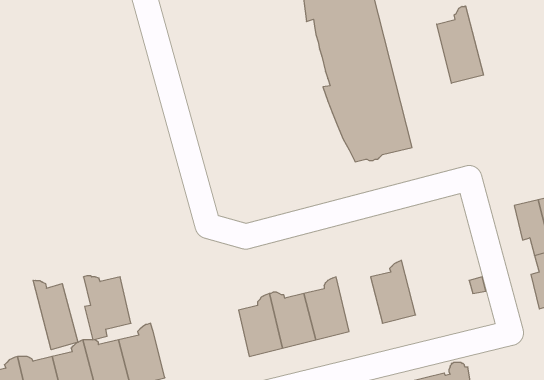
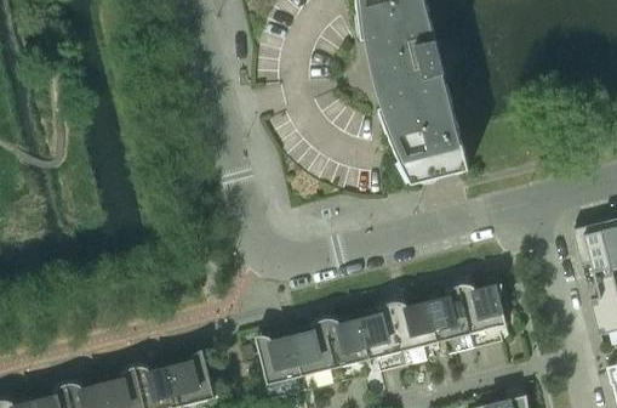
building: [437,6,484,83] -> none
building: none -> [457,282,507,340]
building: [83,276,131,340] -> [253,334,302,399]
building: none -> [390,300,438,357]
building: [33,280,78,350] -> none

